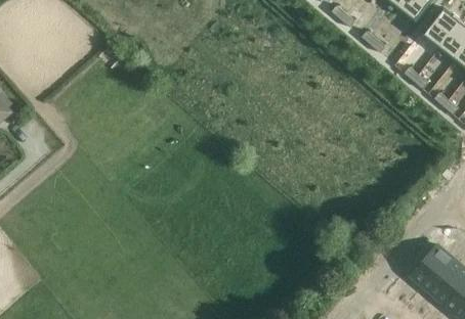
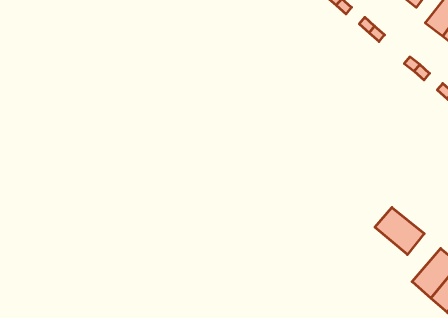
building: none -> [375,207,424,255]

